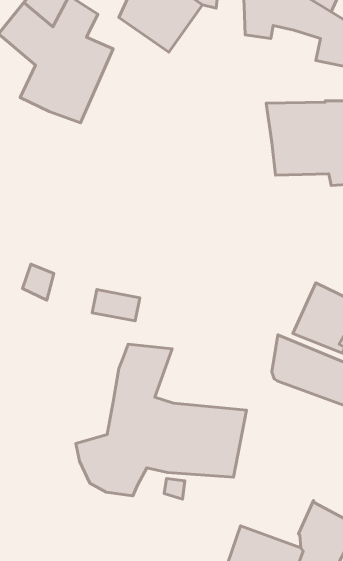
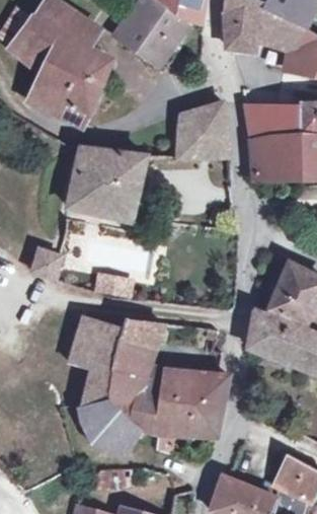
building: none -> [175,101,228,155]
building: none -> [66,148,143,219]
building: none -> [69,314,120,368]

